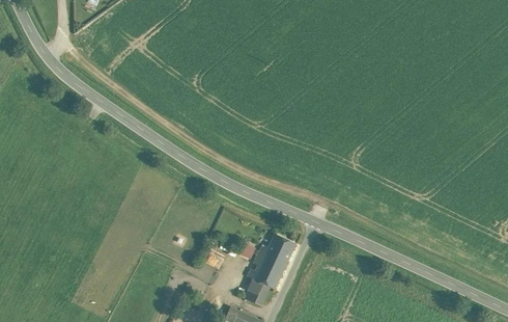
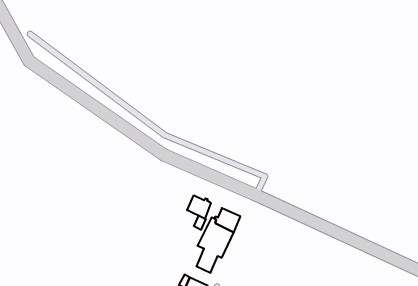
building: none -> [187,195,211,219]

